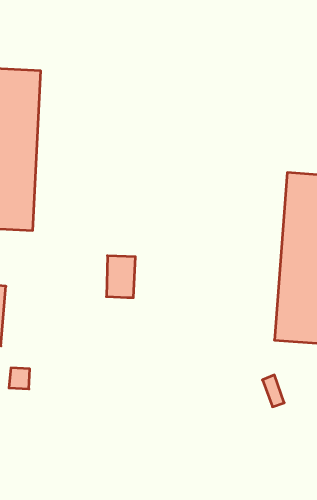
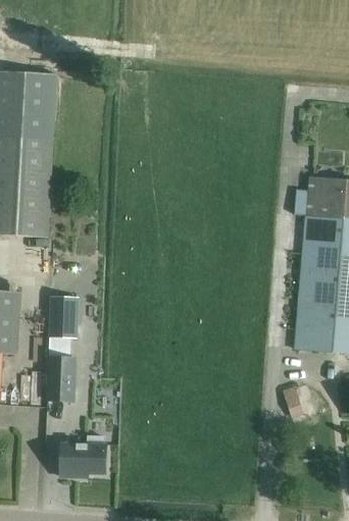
building: [106,256,135,298] -> [49,295,79,337]
building: none -> [47,357,76,399]
building: none -> [59,434,105,476]

